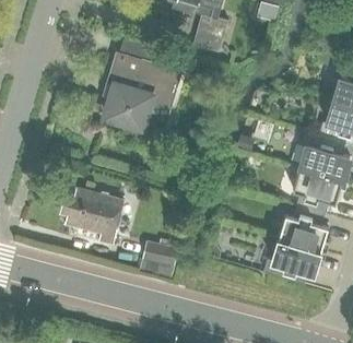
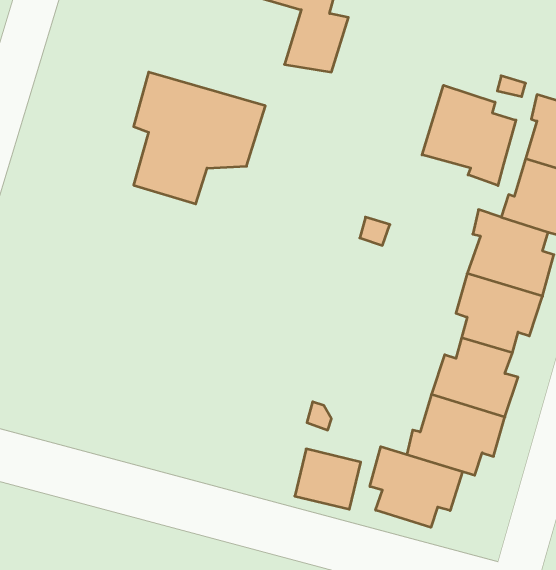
building: none -> [422,85,516,186]
building: [59,189,122,237] -> none
building: [139,243,177,277] -> [295,449,361,509]
building: none -> [370,447,463,527]

